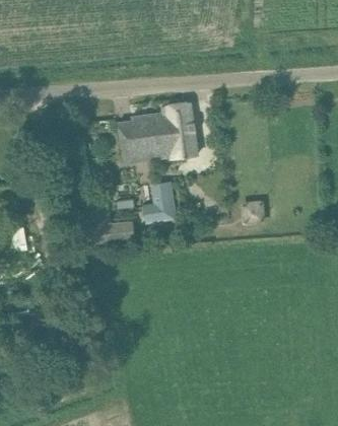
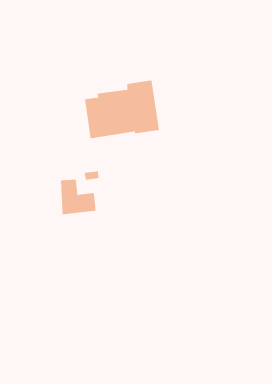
building: [142,183,173,223] -> none

